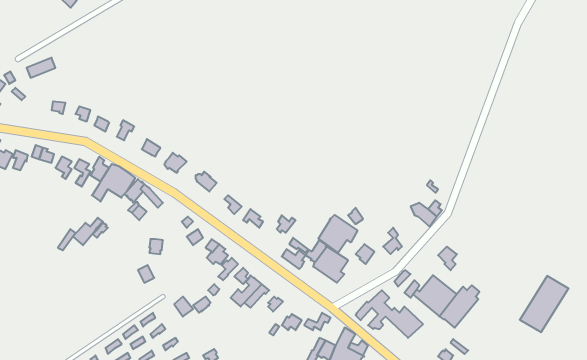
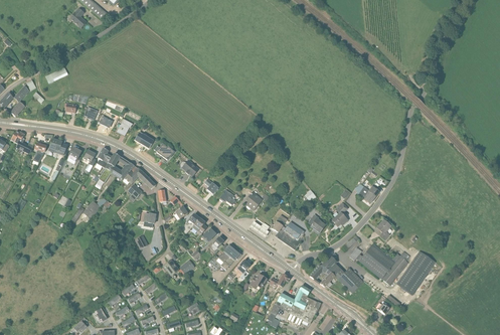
building: [318,215,357,253] -> none
building: [520,276,569,332] -> [396,250,436,296]

